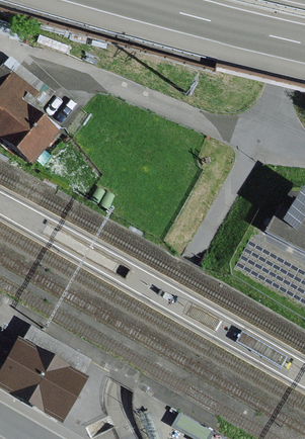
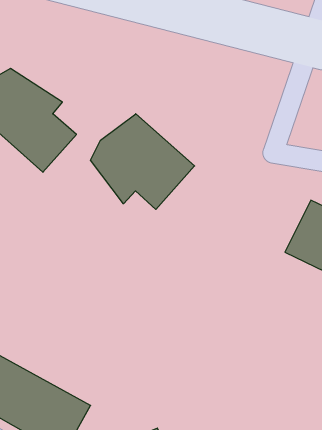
building: none -> [91,114,195,209]

